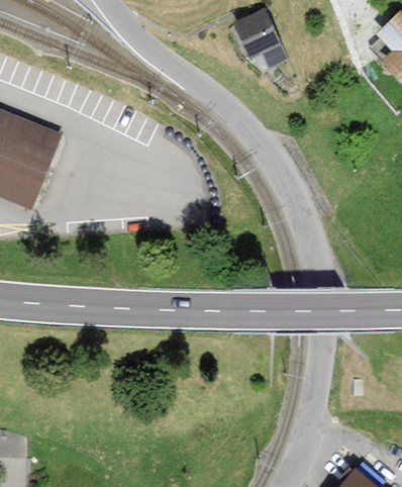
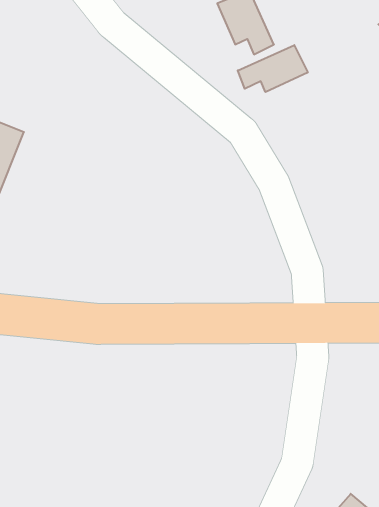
building: none -> [238,45,308,92]

